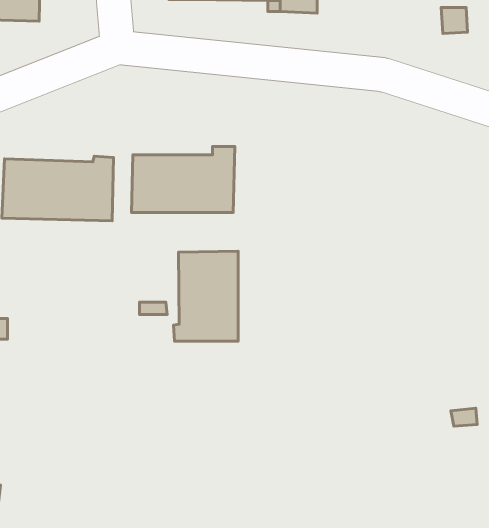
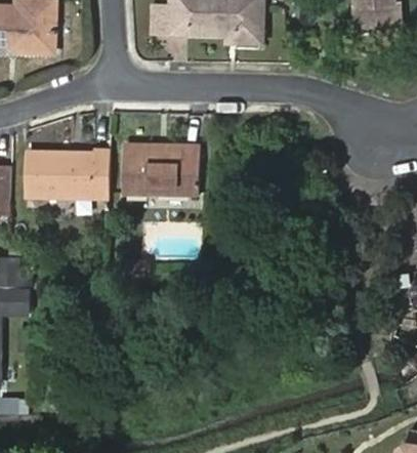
building: [174,251,238,341] -> none

